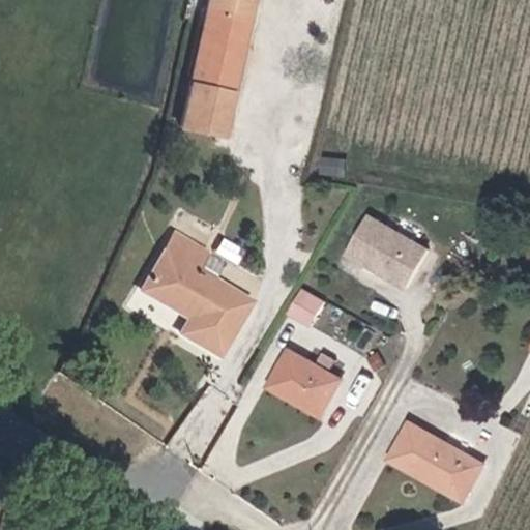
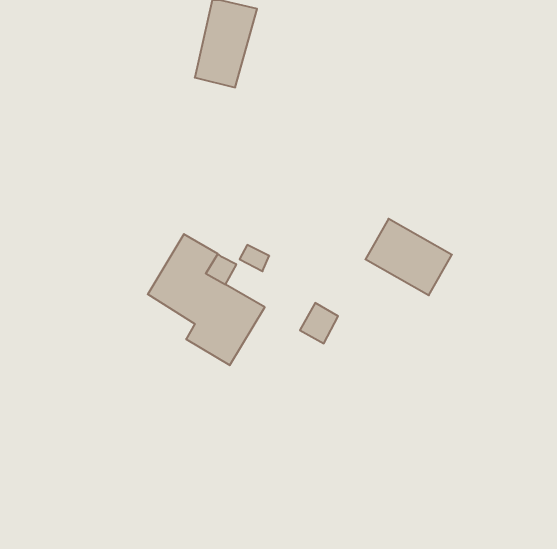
building: [177,83,225,131] -> none
building: [277,358,338,410] -> none
building: [395,425,483,497] -> none

